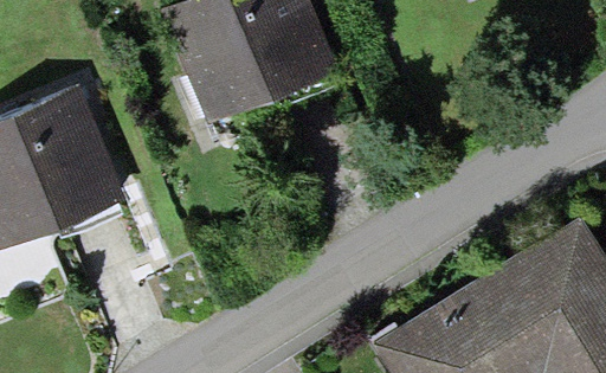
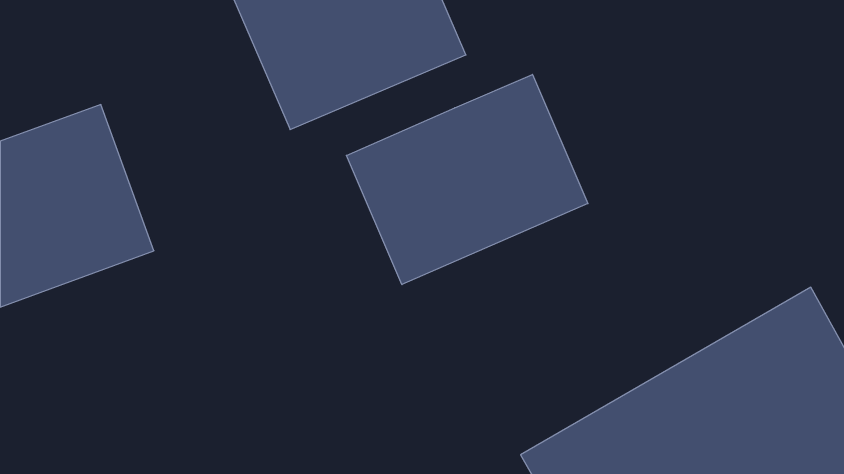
building: none -> [346,74,588,285]

